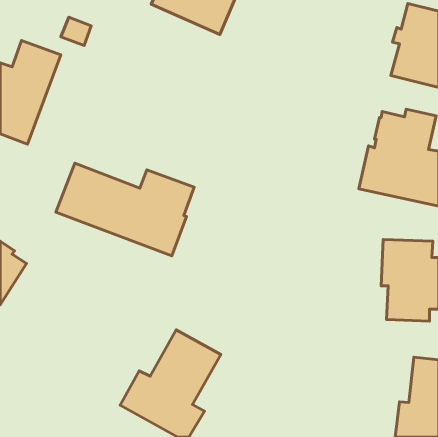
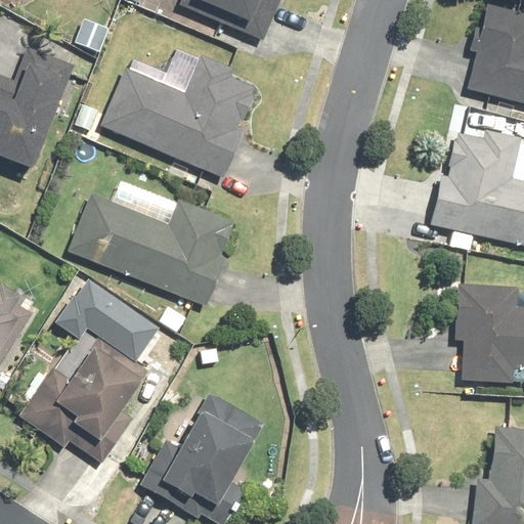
building: none -> [100,55,255,178]
building: none -> [55,272,157,356]
building: none -> [18,339,148,464]

